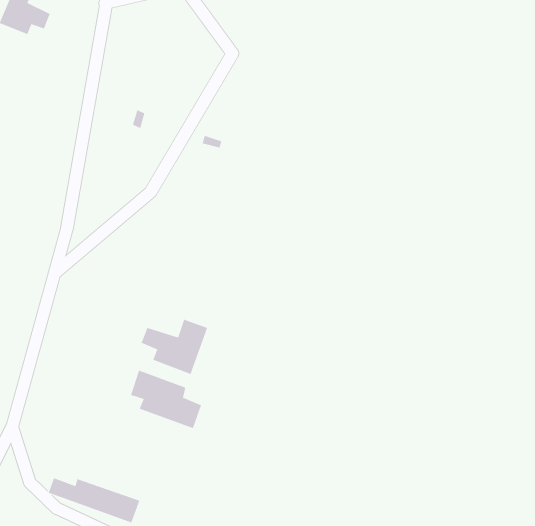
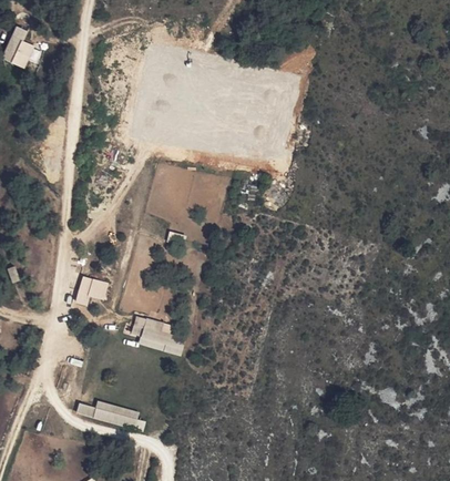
building: none -> [74,275,110,306]
building: [141,319,208,375] -> none

